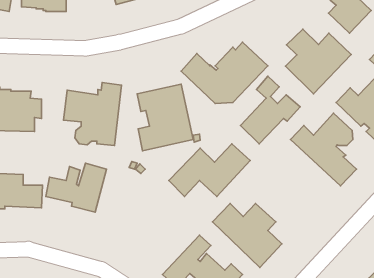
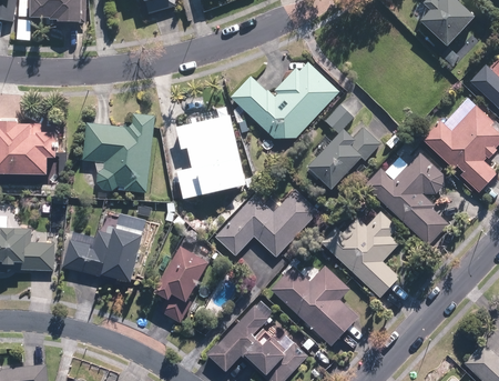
building: [286,29,351,94] -> none
building: none -> [320,211,399,298]
building: none -> [151,247,206,323]

